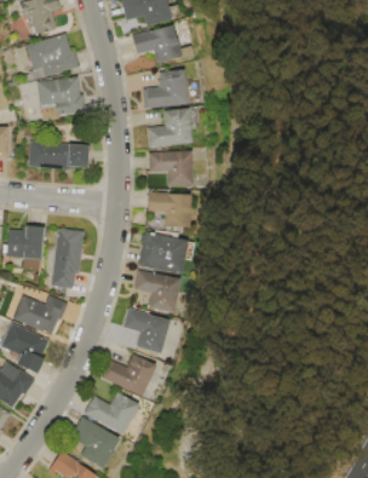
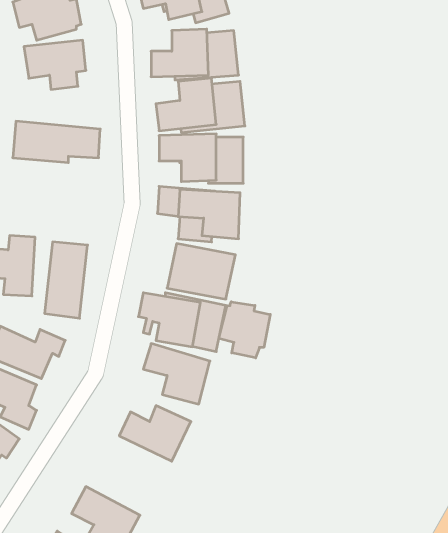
building: none -> [219,302,270,358]
building: [84,392,142,436] -> none

